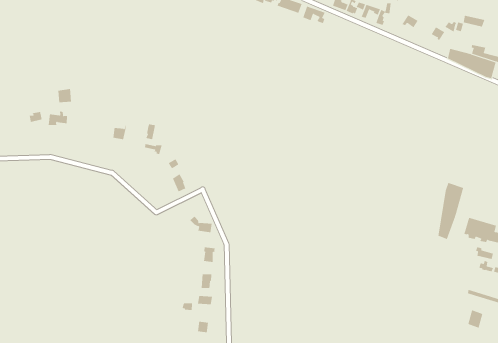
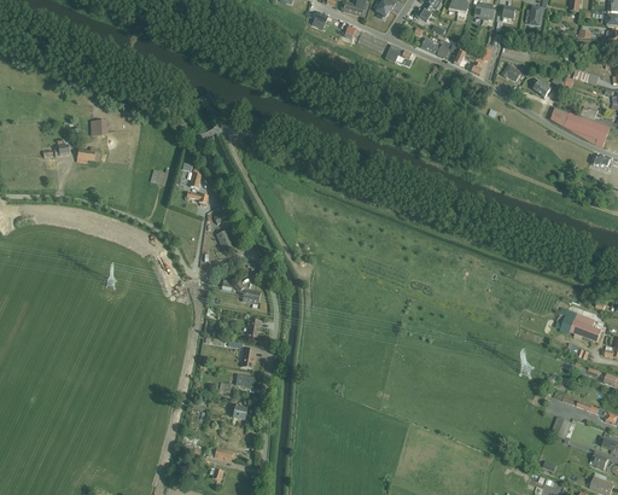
building: [438,182,464,240] -> none

